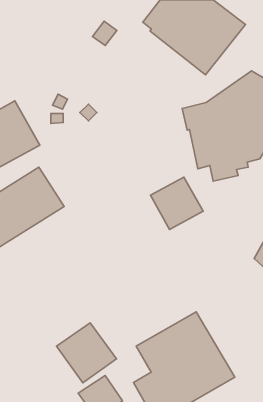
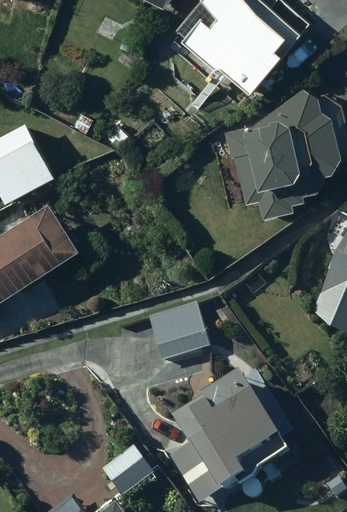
building: [151,177,203,229] -> none
building: none -> [148,305,207,362]
building: [57,323,116,383] -> none

